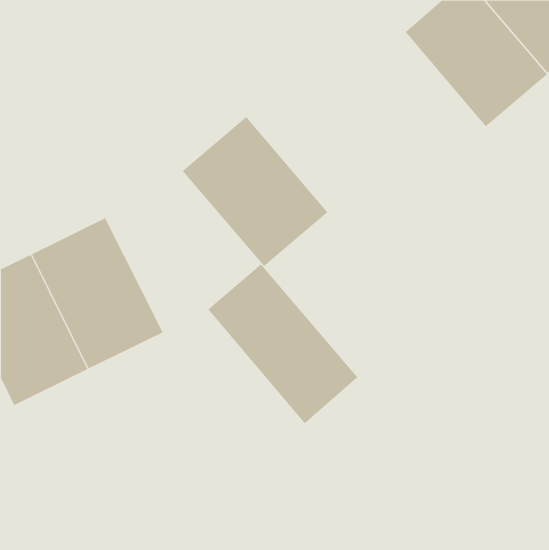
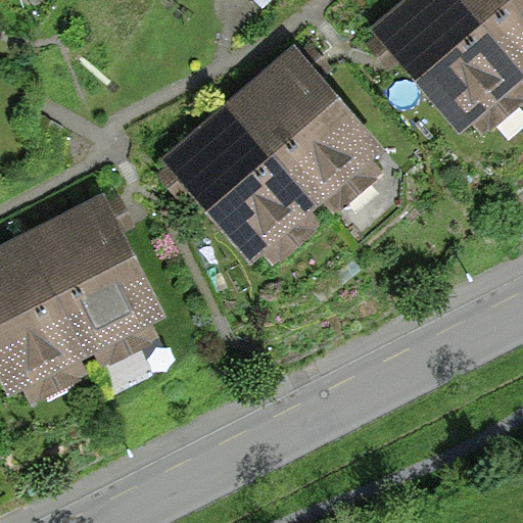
building: none -> [235,58,374,201]
building: [208,263,358,424] -> none

